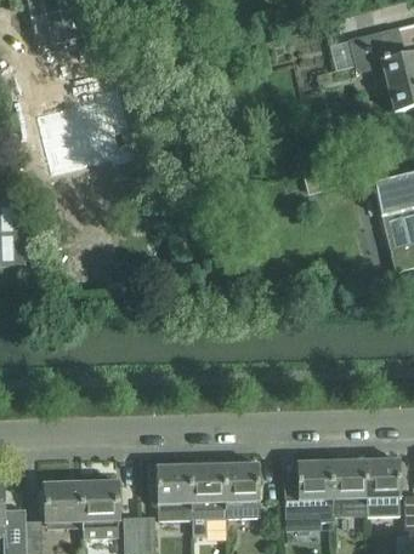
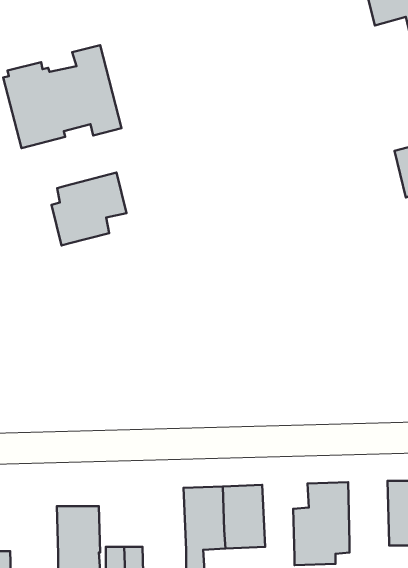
building: none -> [51,173,127,245]
building: [331,459,367,513] -> none
building: [155,466,192,520] -> none
building: [44,481,81,524] -> none

